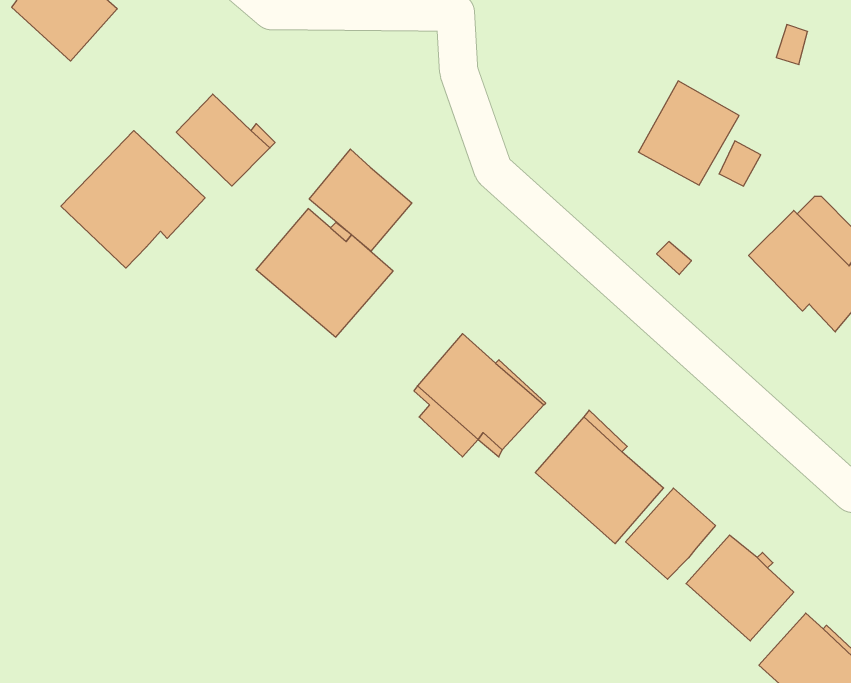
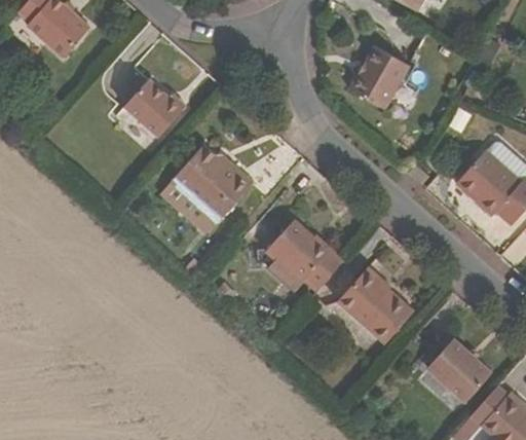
building: [638,81,739,185] -> [354,45,414,107]
building: [61,131,205,268] -> none
building: [309,149,412,251] -> none
building: [626,488,715,579] -> none

